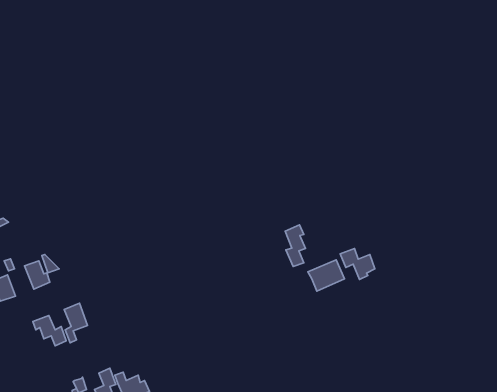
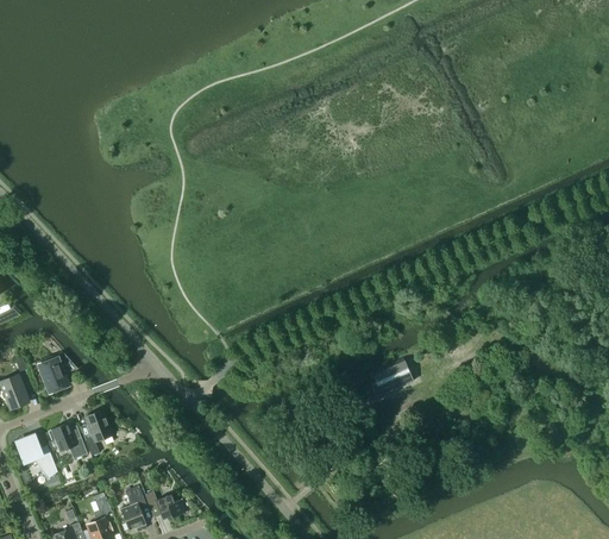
building: [285,225,305,266] -> none
building: [340,248,375,280] -> none
building: none -> [15,435,57,480]

